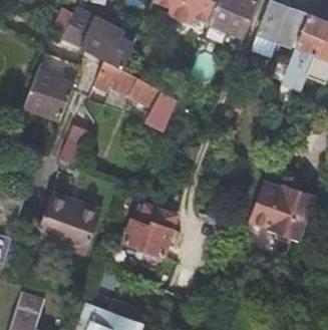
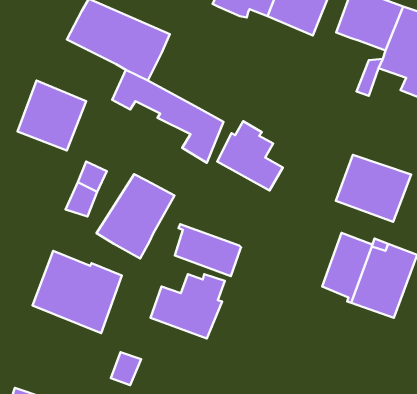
building: none -> [217,121,283,191]
building: none -> [336,155,411,222]
building: none -> [97,174,175,259]
building: none -> [175,224,241,276]

